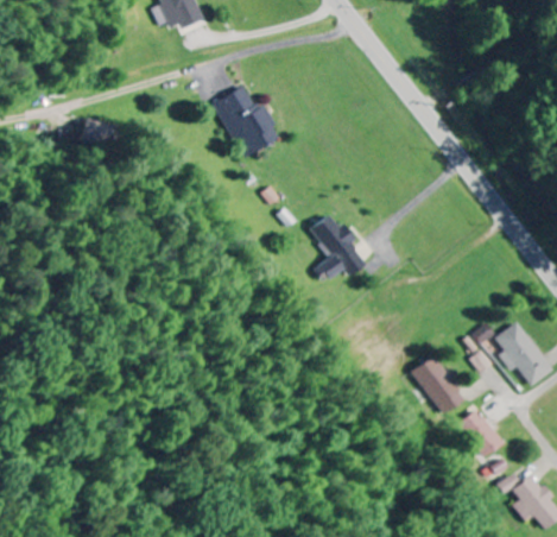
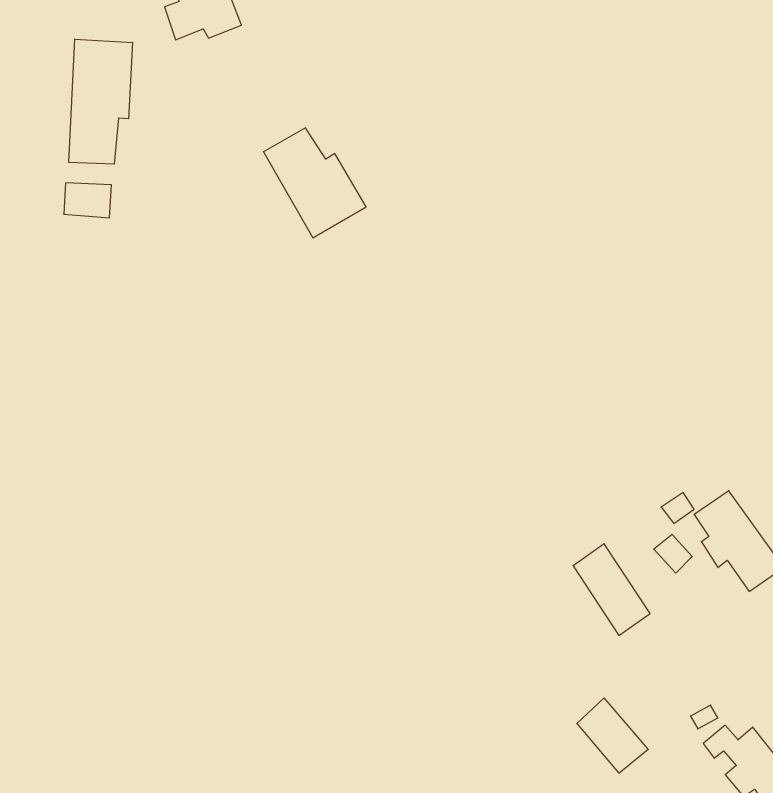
building: none -> [69,39,133,164]
building: [310,211,366,283] -> none
building: [458,409,505,457] -> [577,698,648,773]

